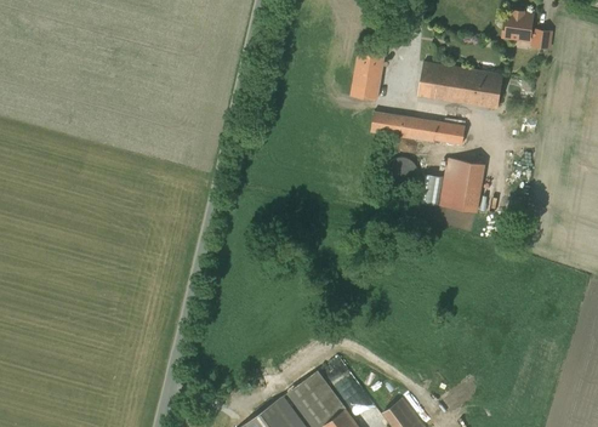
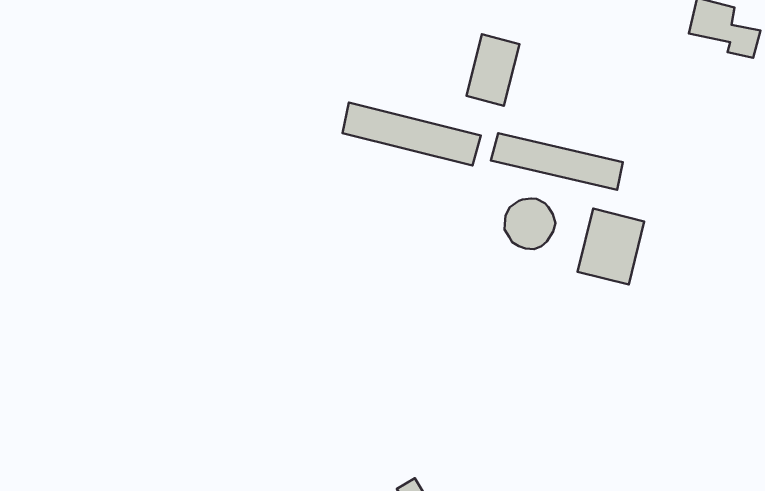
building: [418,63,505,112] -> none
building: none -> [342,103,481,166]

